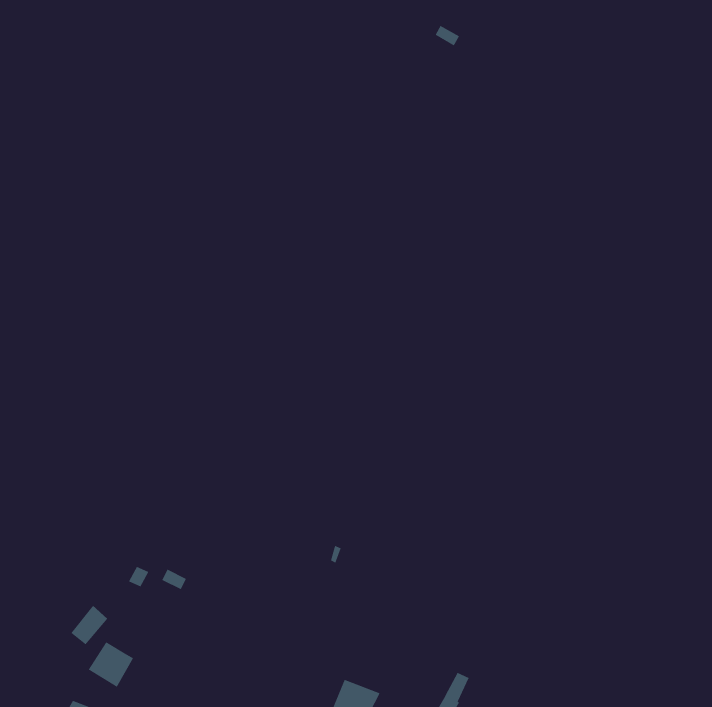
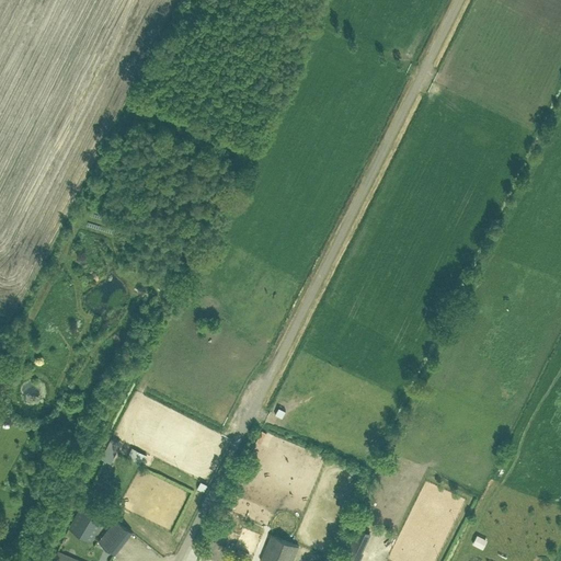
building: [70,605,108,645] -> [99,523,128,554]

